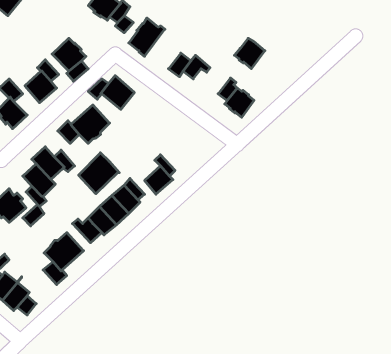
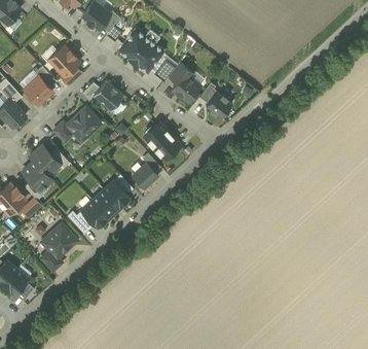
building: none -> [133,38,164,73]
building: [234,38,265,69] -> [172,74,199,102]
building: none -> [144,123,180,160]
building: [79,153,119,194] -> none

